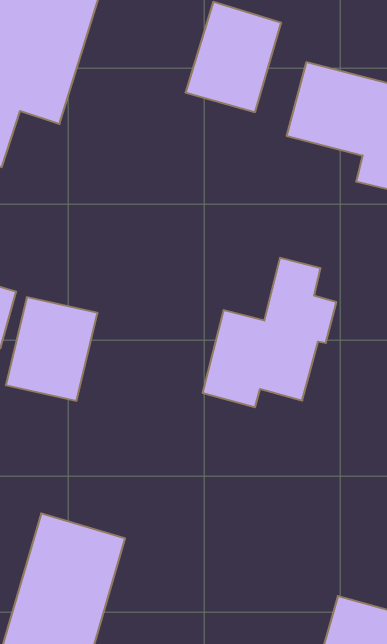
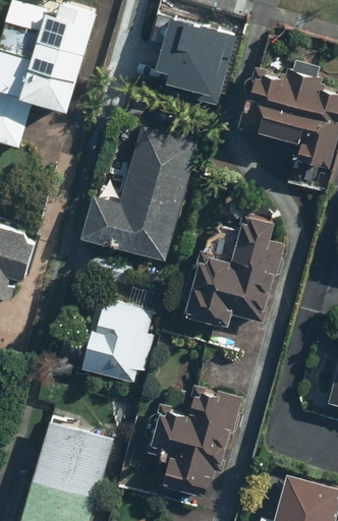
building: none -> [81,122,202,255]
building: [6,297,98,401] -> [84,296,156,377]
building: none -> [144,387,240,486]

